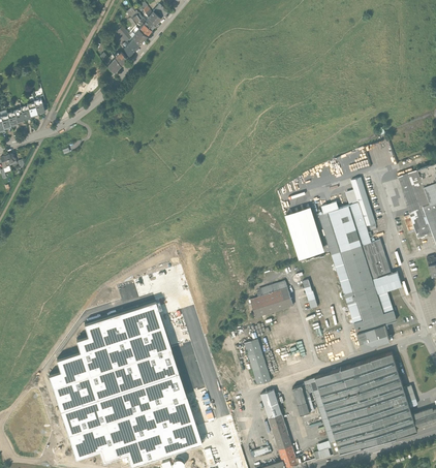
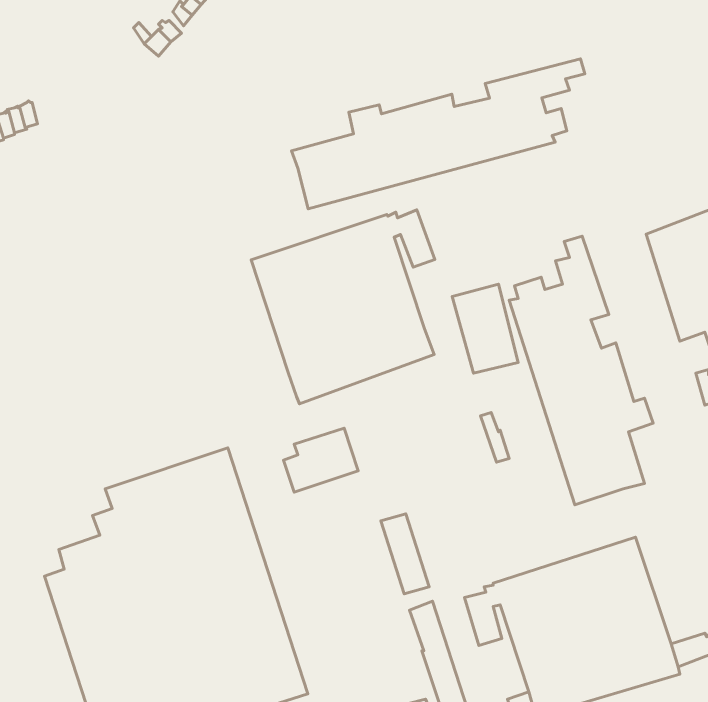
building: none -> [292,59,585,209]
building: none -> [251,210,435,404]
building: [250,281,293,318] -> [284,428,358,492]
building: [356,324,390,351] -> none

